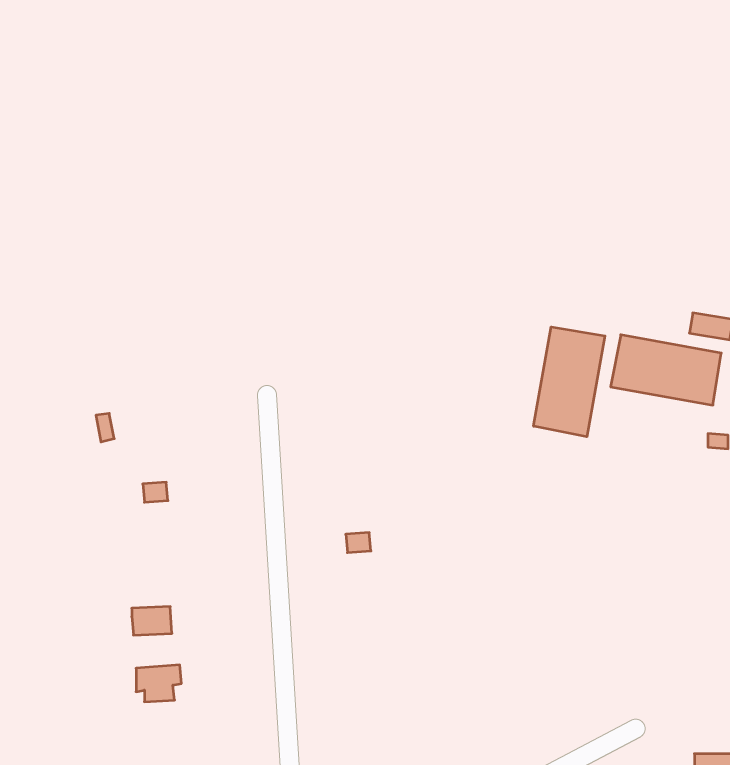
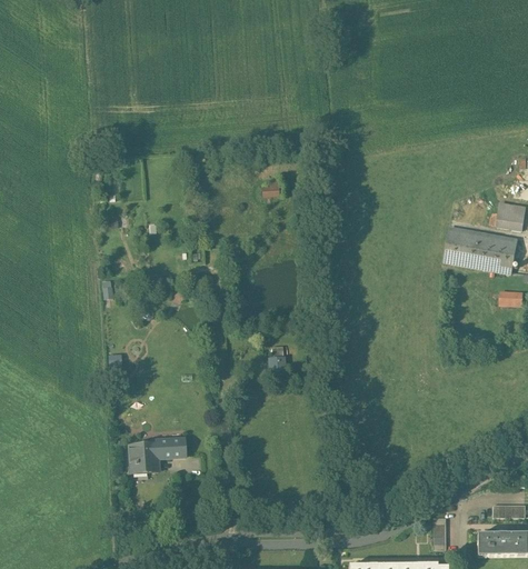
building: [534,327,605,437] -> none
building: [132,607,172,635] -> [158,438,185,457]

